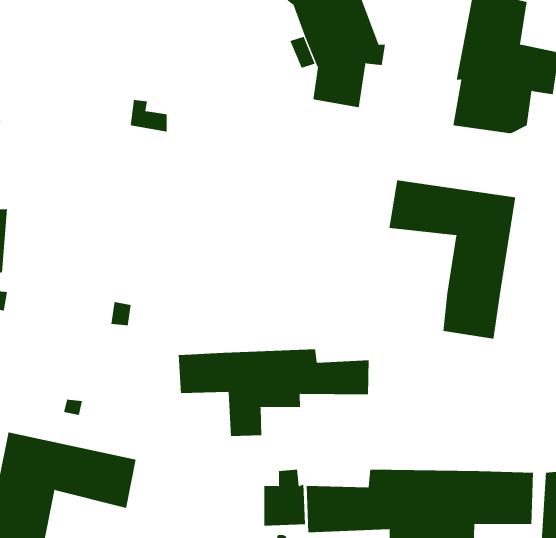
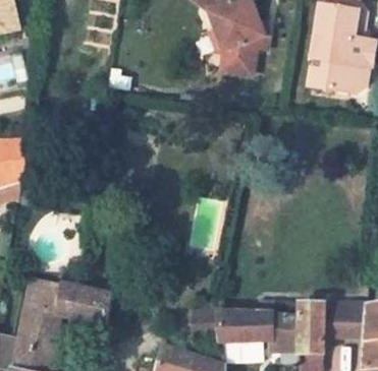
building: [389,180,516,339] -> none
building: [178,349,369,437] -> none

